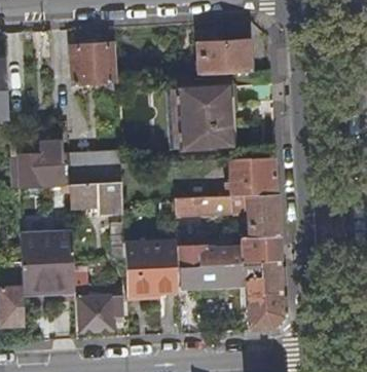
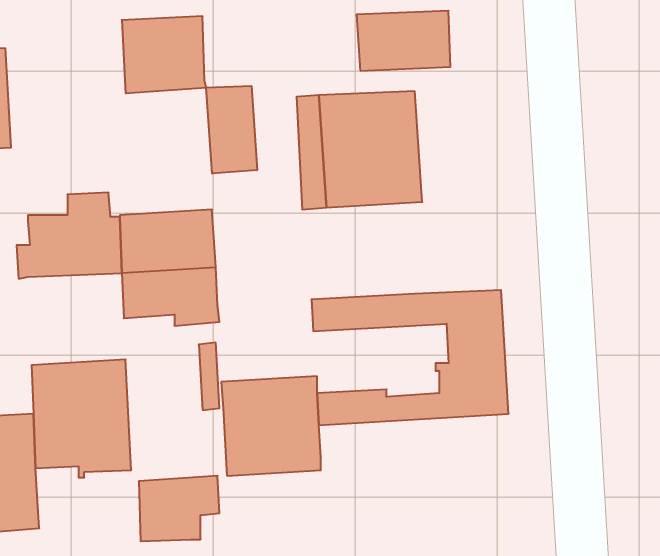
building: none -> [206,86,257,174]
building: [224,157,278,196] -> none
building: [178,262,284,330] -> none

